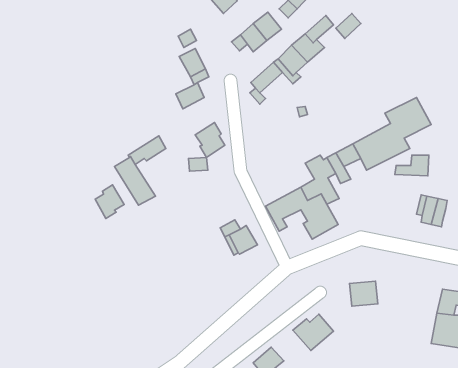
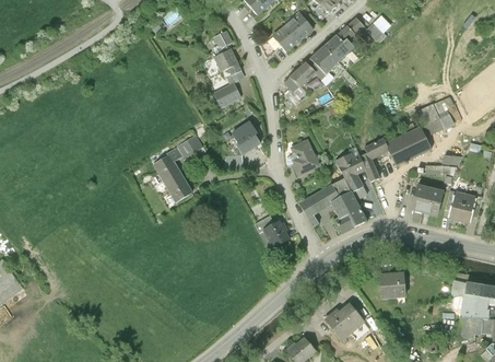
building: none -> [291,139,320,176]
building: [95,185,124,219] -> none
building: none -> [411,186,443,214]

